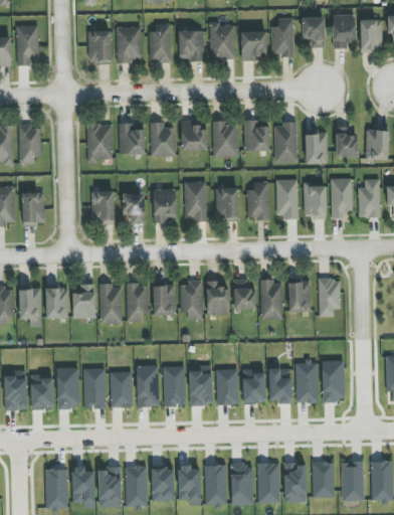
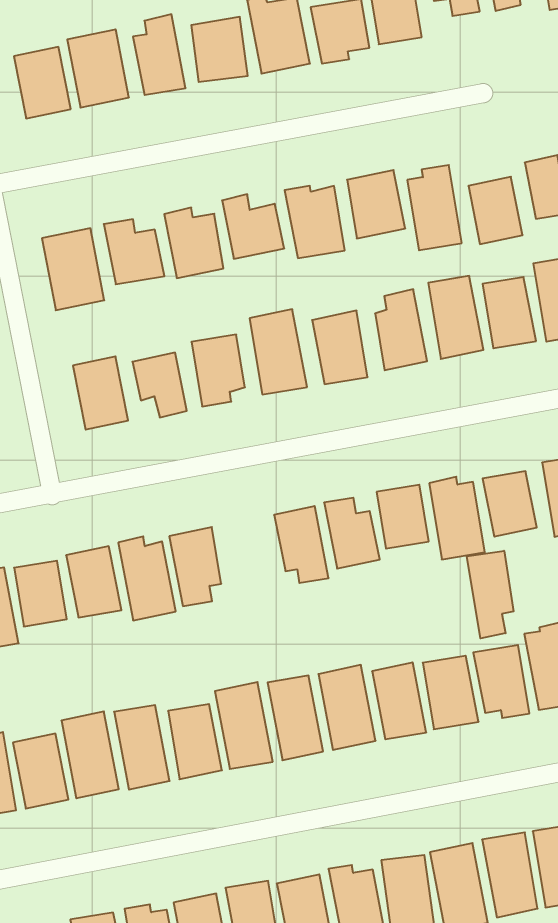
building: [152,285,176,316] -> none
building: none -> [467,551,514,638]

